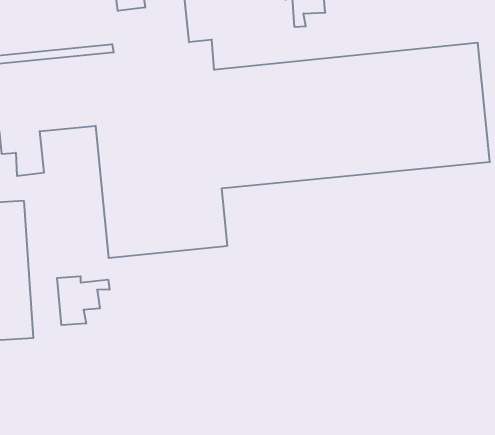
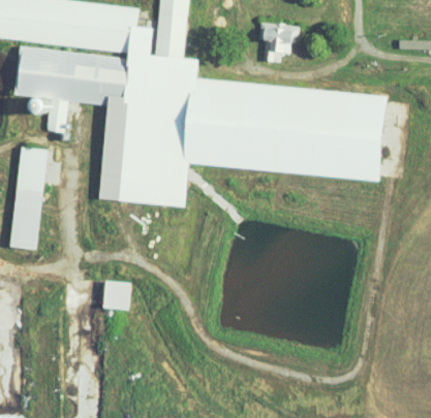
building: [57,276,110,325] -> none
building: none -> [104,279,129,308]

